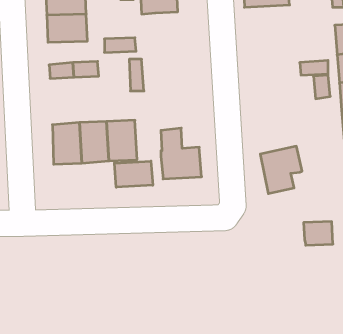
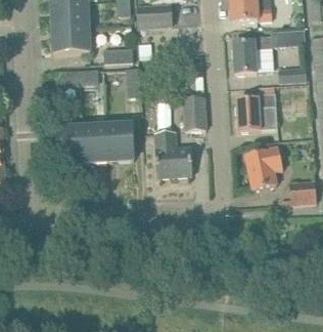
building: none -> [233,30,306,73]
building: none -> [236,92,277,130]
building: none -> [183,96,205,130]
building: [114,161,153,187] -> none
building: [304,222,333,245] -> [287,181,314,203]

